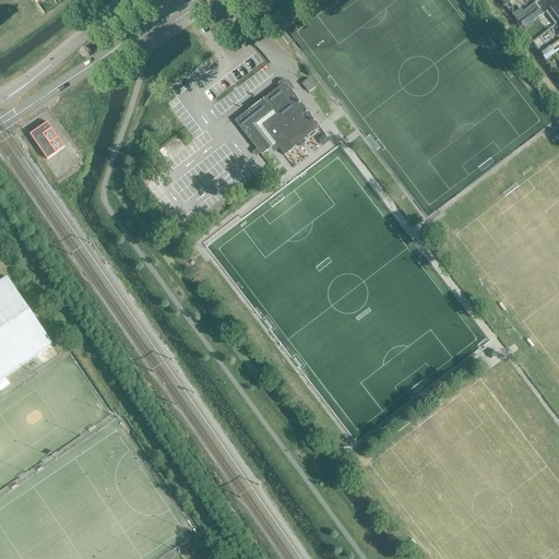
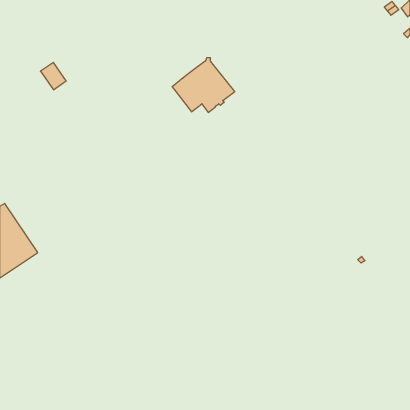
building: [28,121,63,158] -> [40,62,66,90]

